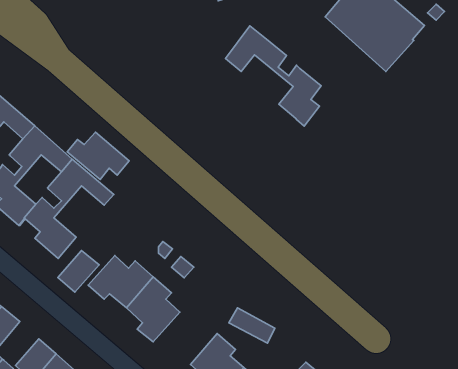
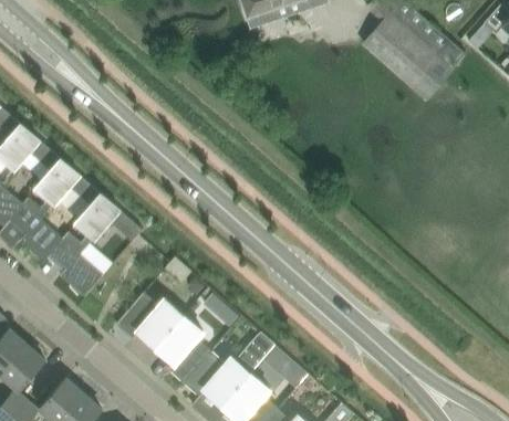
building: [226,26,321,126] -> none
building: [67,132,129,180] -> none
building: [58,250,99,292] -> none
building: none -> [184,351,250,406]

